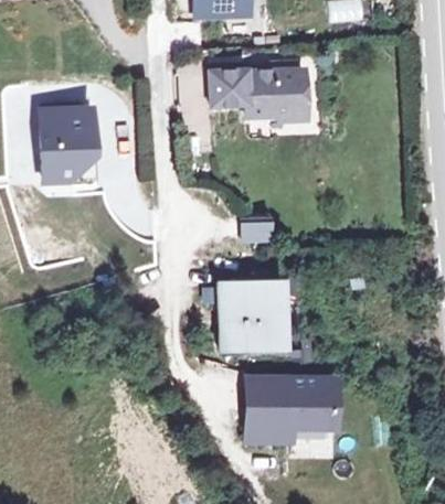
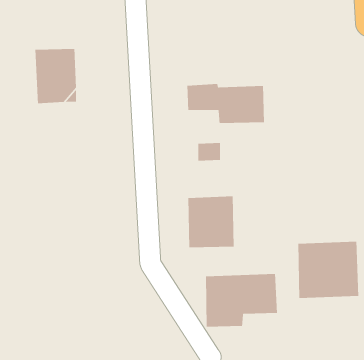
building: [210,73,304,121] -> [186,83,265,124]
building: none -> [298,241,359,299]

